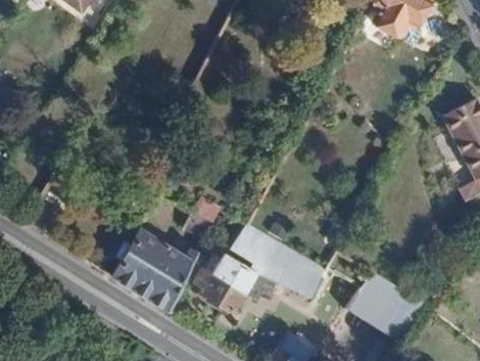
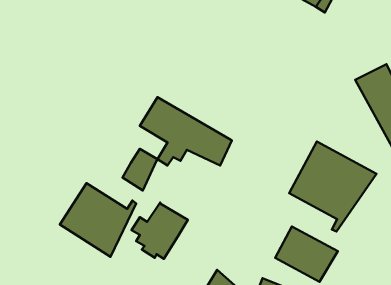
building: none -> [289,142,377,232]
building: [223,220,325,296] -> [140,97,232,166]

